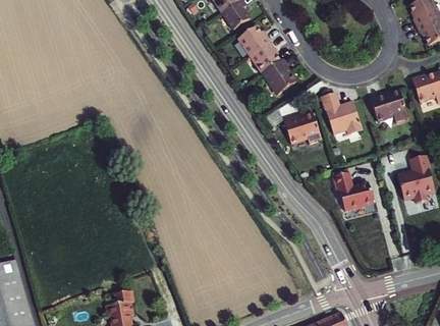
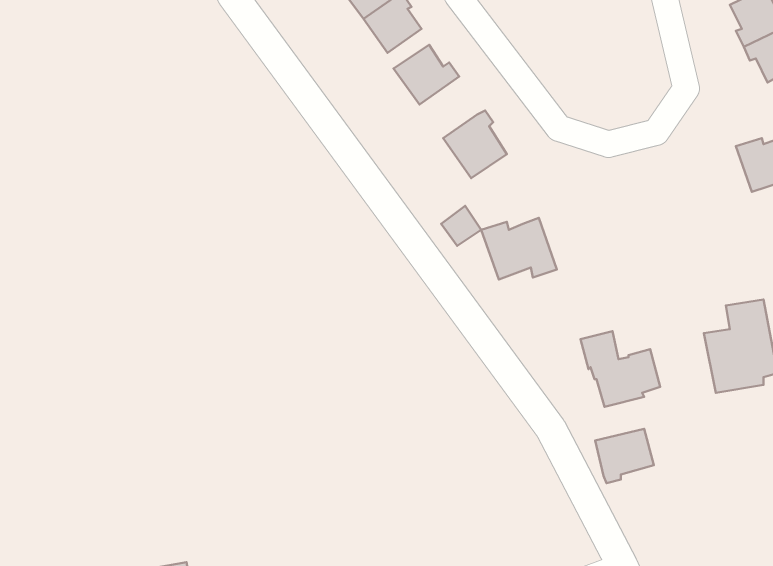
building: [251,41,280,72] -> none
building: [370,89,408,120] -> none
building: [320,92,363,132] -> none
building: none -> [595,429,654,483]

